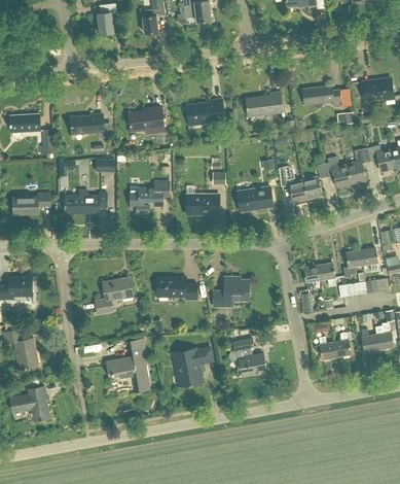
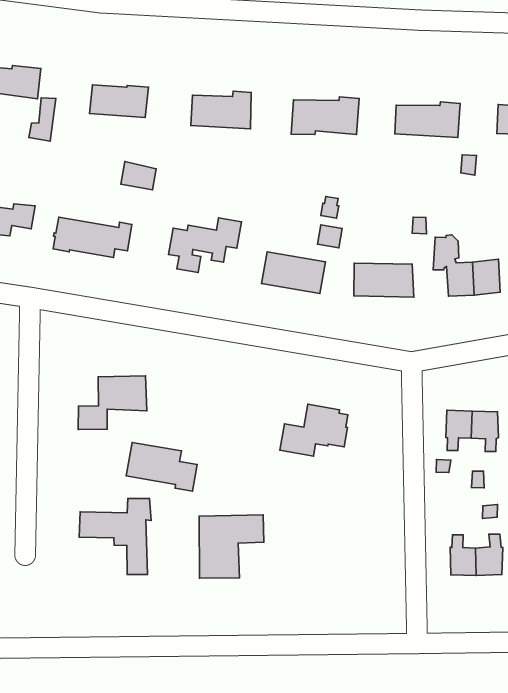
building: [156,277,195,299] -> [126,442,197,491]
building: [228,338,266,375] -> none

